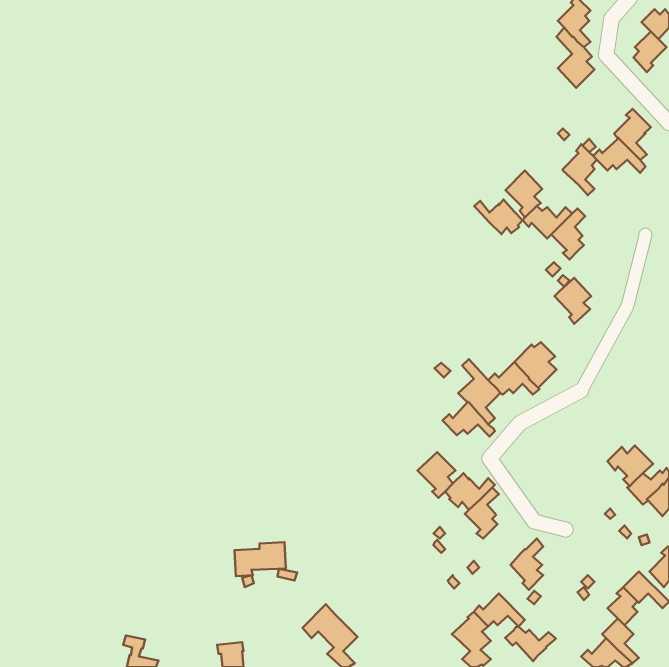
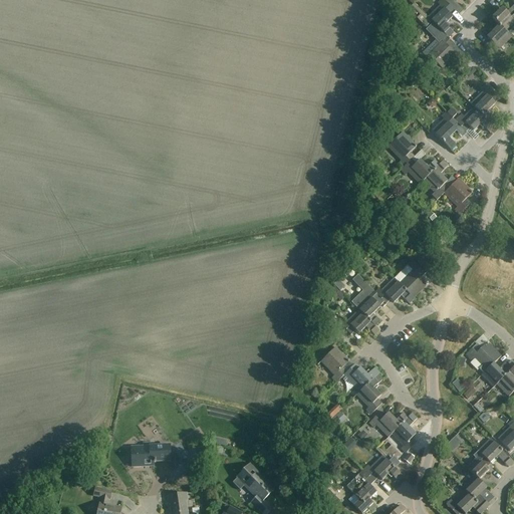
building: [474,200,522,234] -> none
building: [555,278,591,324] -> [444,178,472,213]
building: none -> [369,411,408,436]
building: [235,542,286,576] -> [132,440,171,466]
building: [505,626,556,661] -> none

